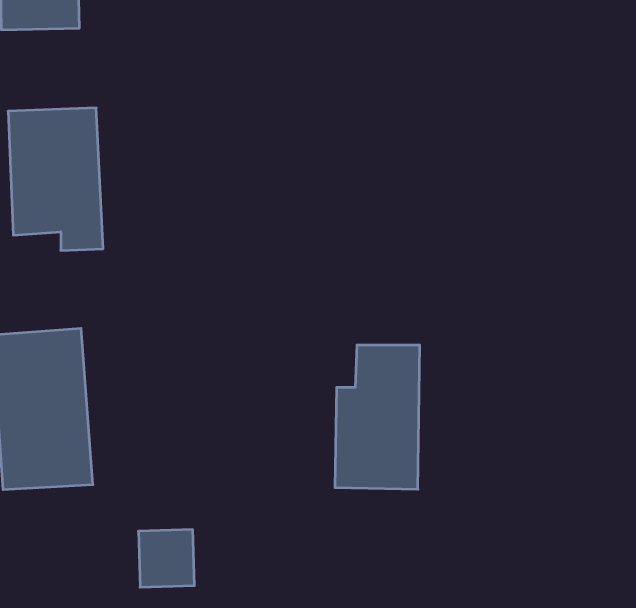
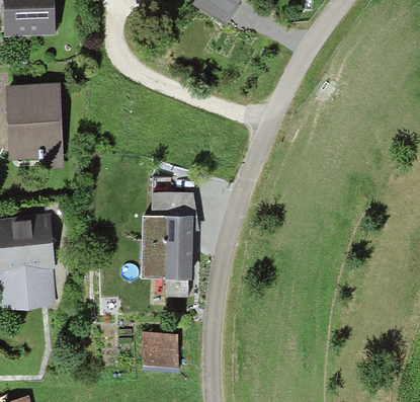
building: [335,345,420,489] -> [140,192,190,278]
building: [138,530,194,587] -> [141,334,174,369]

